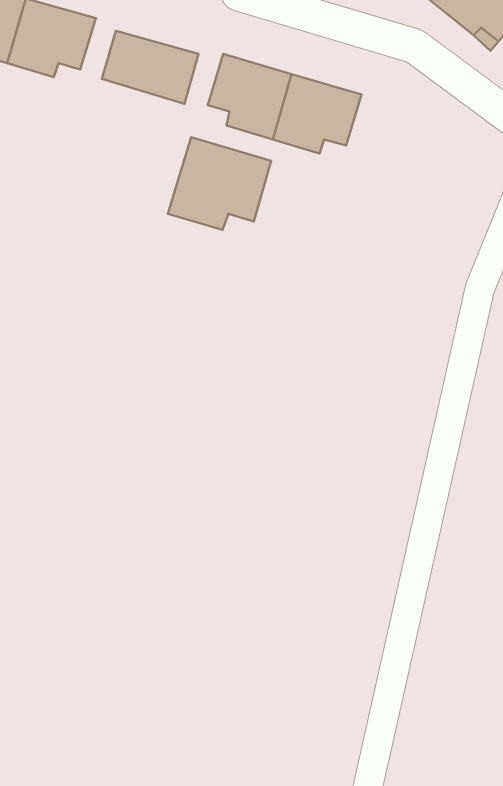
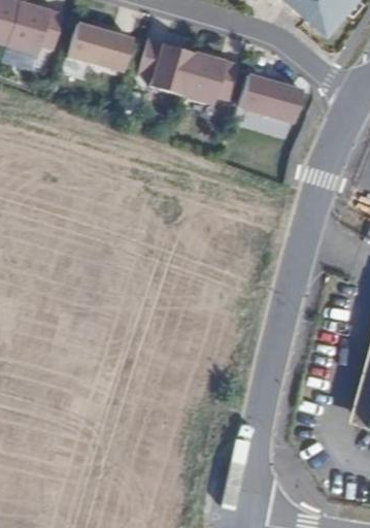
building: none -> [238,74,303,122]
building: [168,137,271,230] -> none

